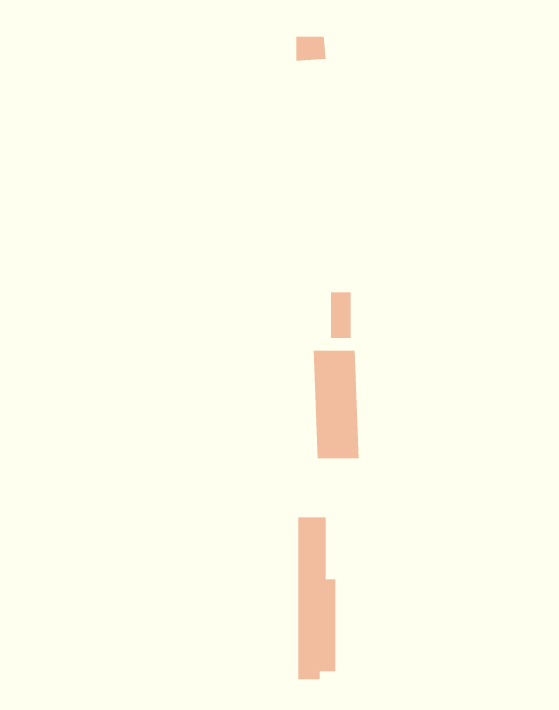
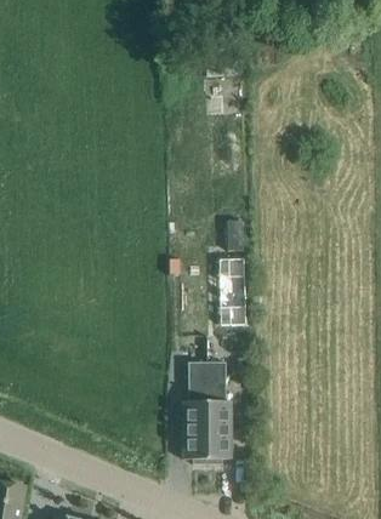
building: none -> [183,361,207,463]

